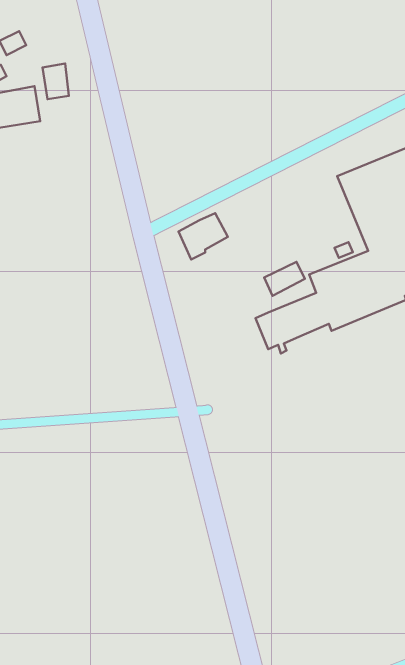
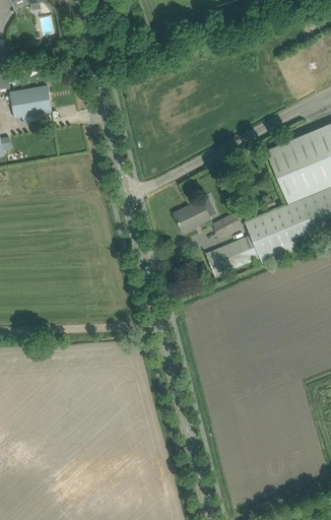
building: [42,64,69,99] -> none
building: [178,213,228,260] -> [175,199,210,233]

